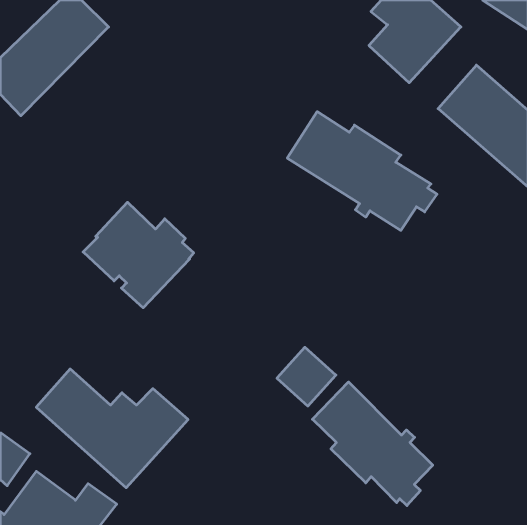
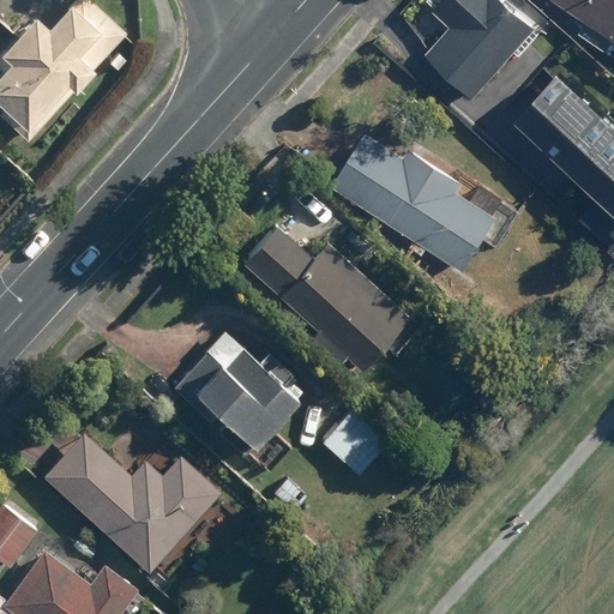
building: none -> [243,228,407,369]
building: [83,202,194,308] -> [173,331,301,453]
building: [312,382,433,506] -> none

